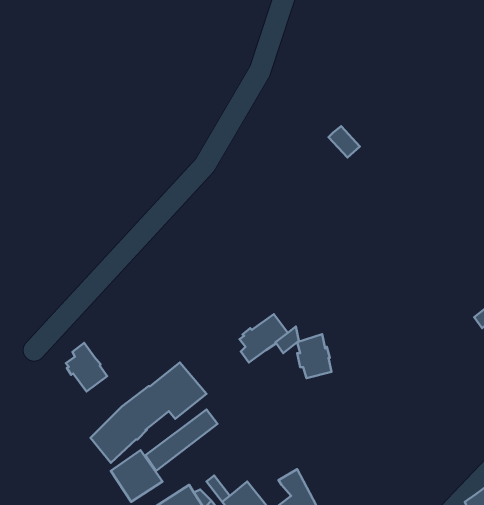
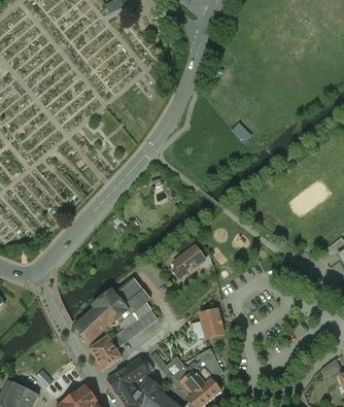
building: [297,334,332,378] -> [200,308,222,337]
building: [66,343,107,391] -> none

